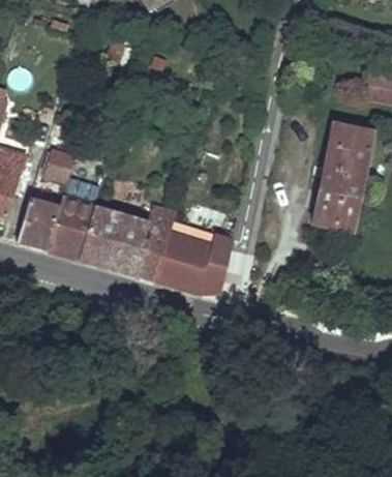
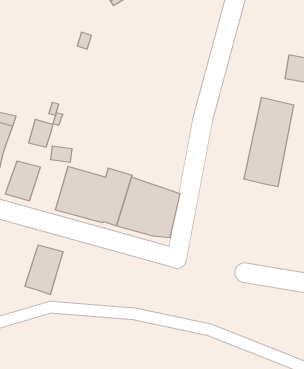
building: [47,199,94,260] -> [25,245,63,294]

